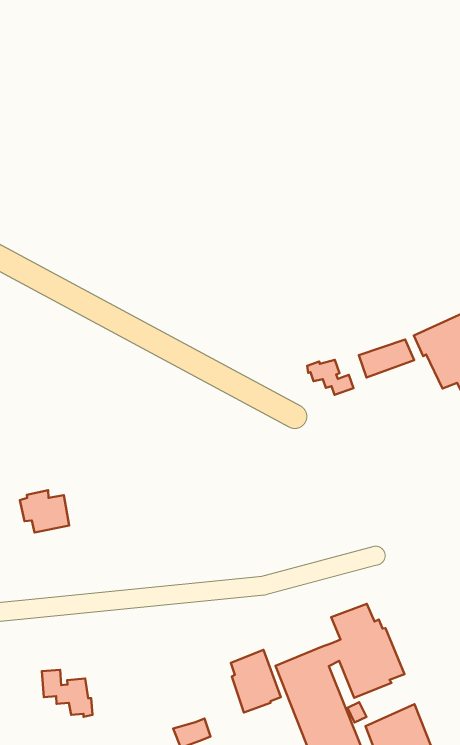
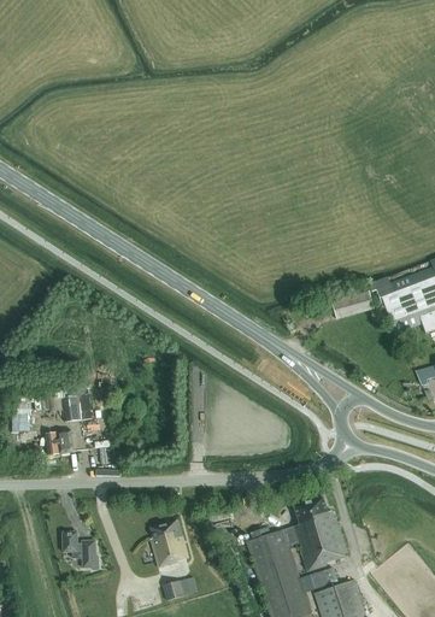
building: [307,360,353,395] -> none
building: none -> [46,430,75,456]
building: [231,650,281,712] -> [151,519,188,568]

